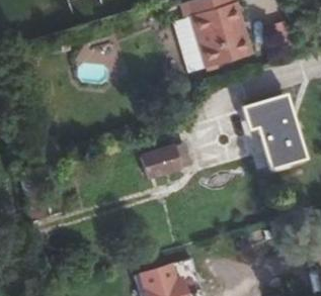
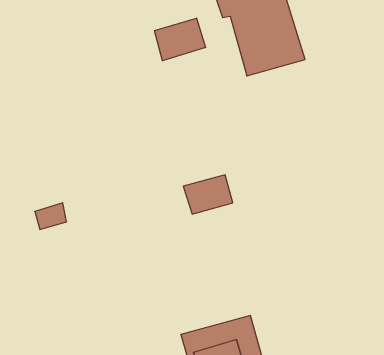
building: none -> [154,18,206,61]
building: [244,99,294,167] -> none

